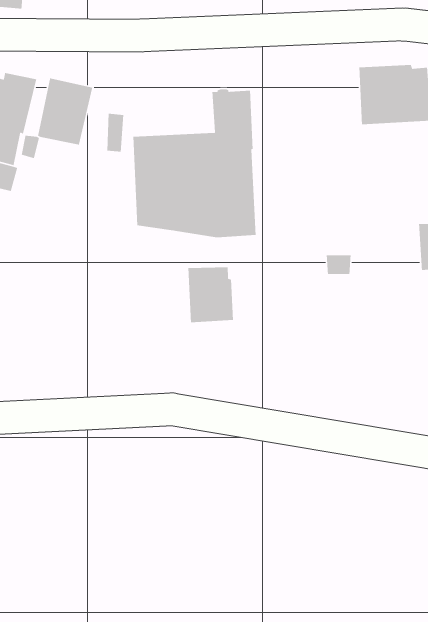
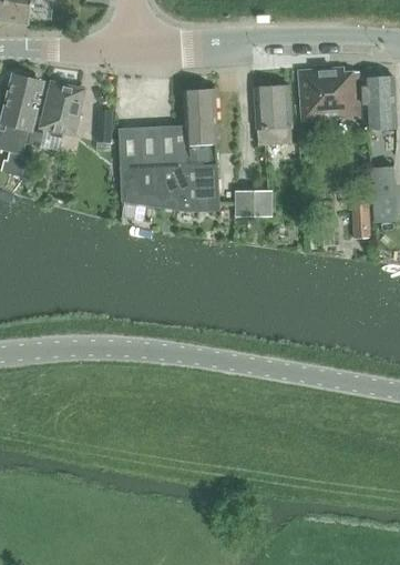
building: none -> [256,81,293,143]
building: none -> [238,191,273,216]
building: [188,267,234,323] -> none

